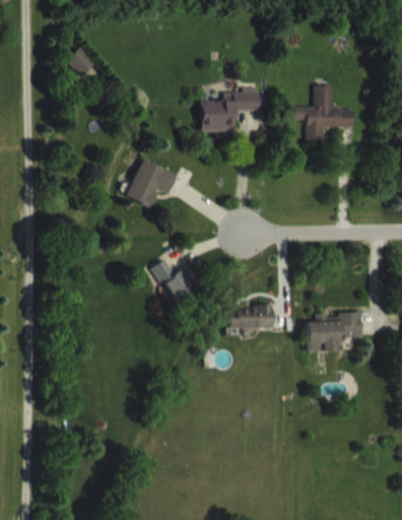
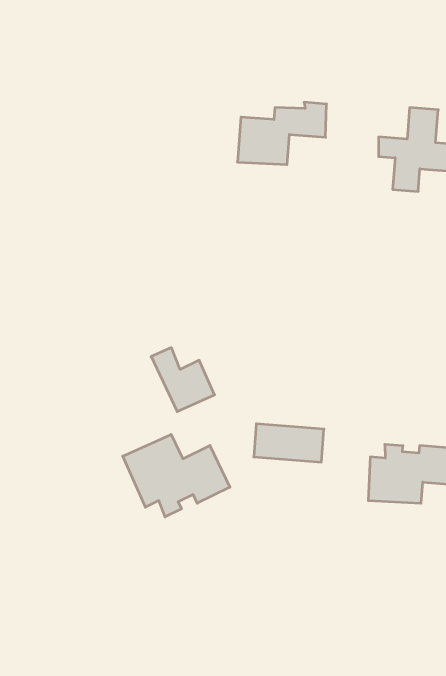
building: [66,47,95,76] -> none
building: [128,158,179,206] -> none
building: none -> [123,434,230,517]

